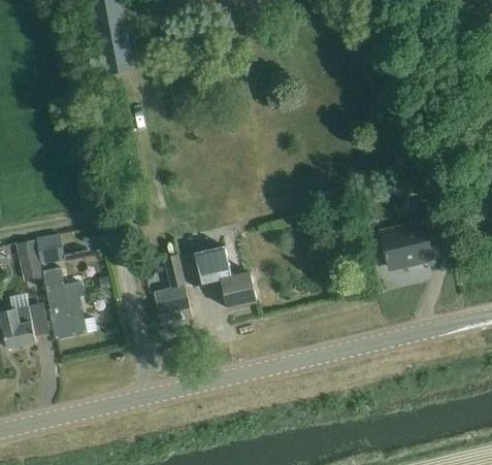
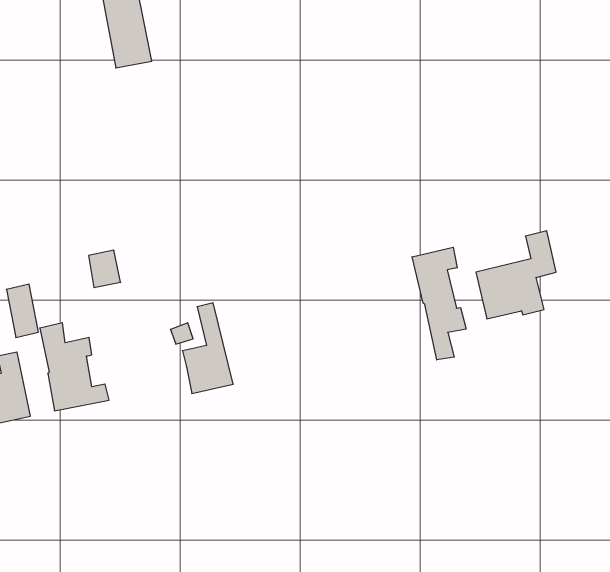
building: none -> [412,247,466,360]
building: [38,238,63,267] -> [89,250,121,288]
building: [187,246,257,308] -> none

